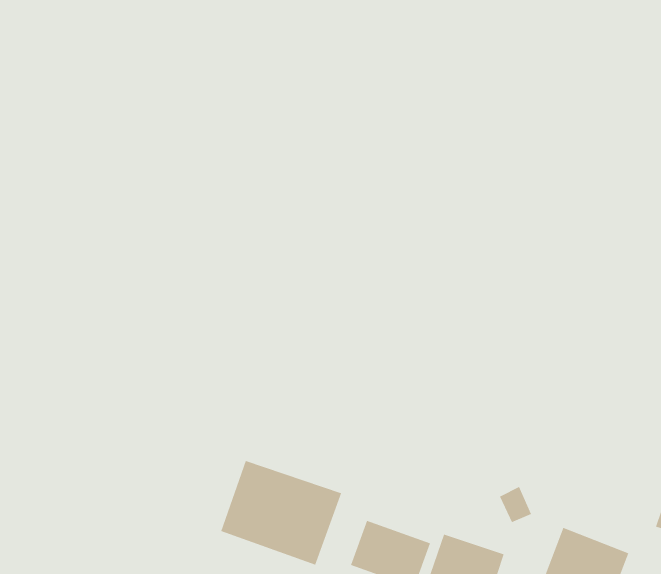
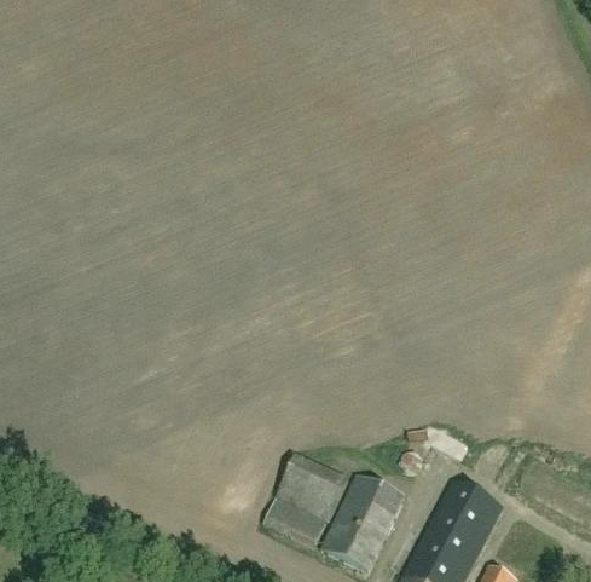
building: [220,460,342,565] -> none

